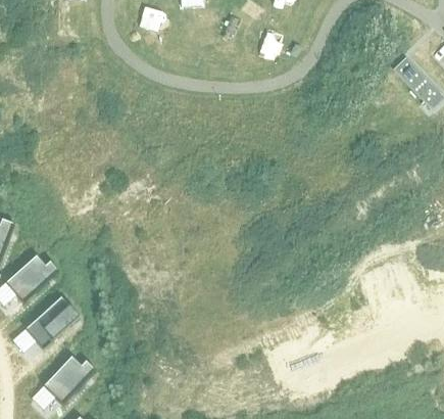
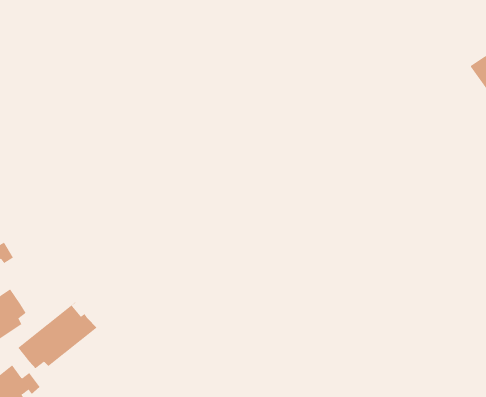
building: none -> [17,302,97,369]

